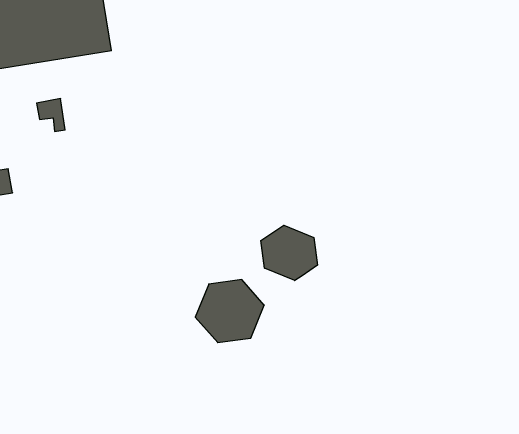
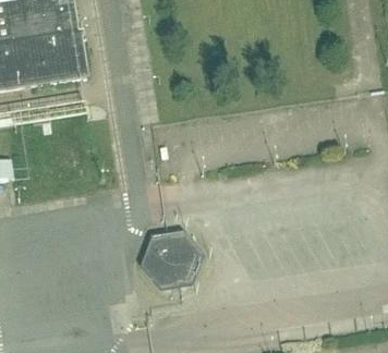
building: [261,225,318,281] -> none

